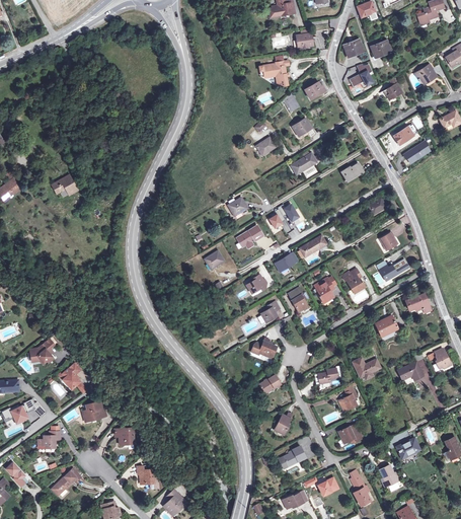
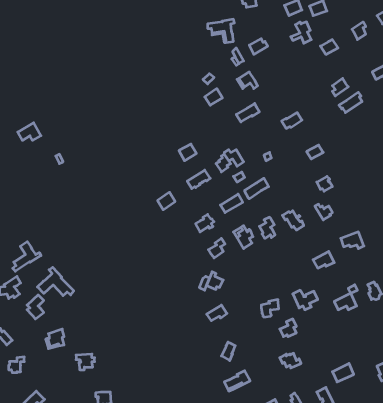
building: none -> [13,242,41,271]
building: none -> [37,267,74,296]

